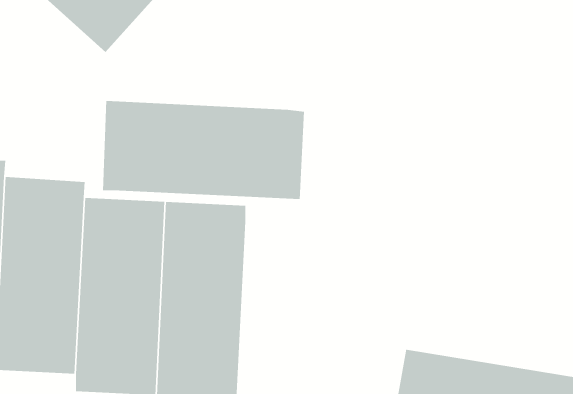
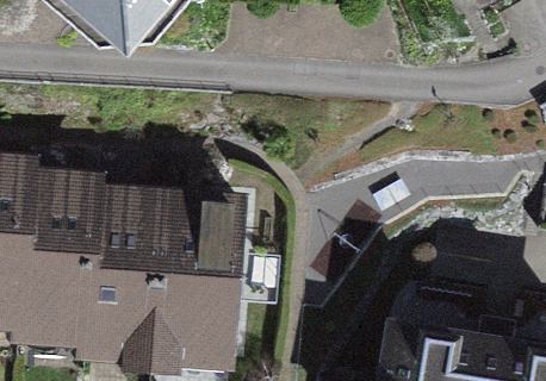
building: [103,100,305,200] -> none

